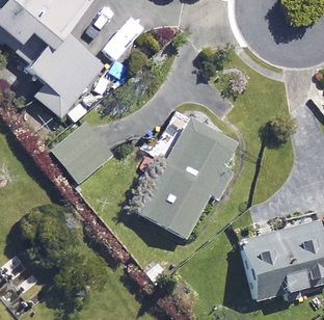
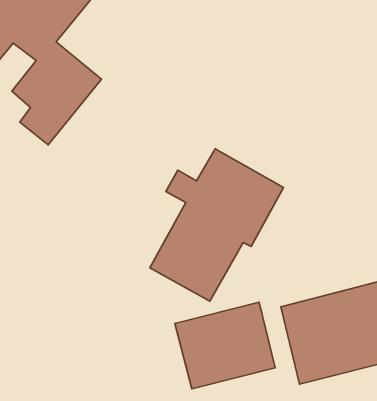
building: none -> [175,302,275,389]

